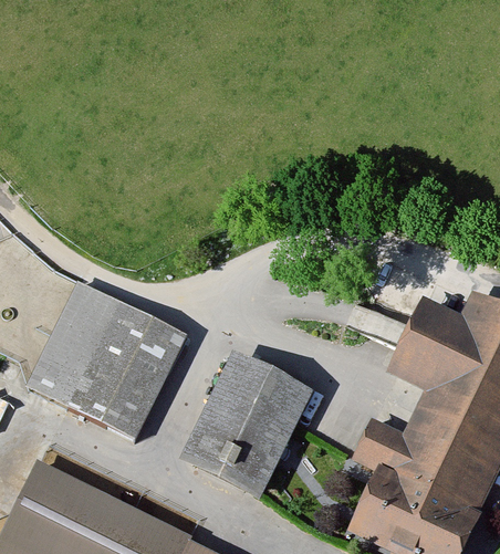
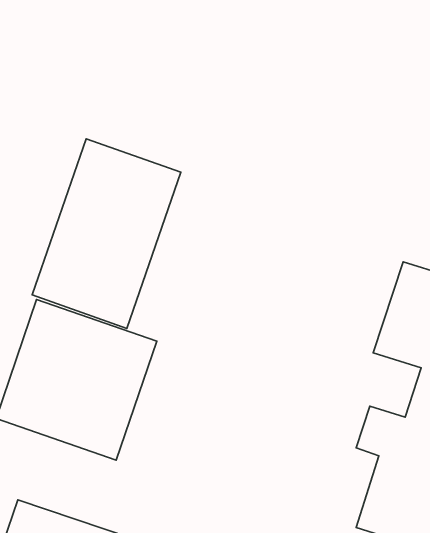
building: none -> [32,139,181,328]
building: [178,354,312,500] -> none

